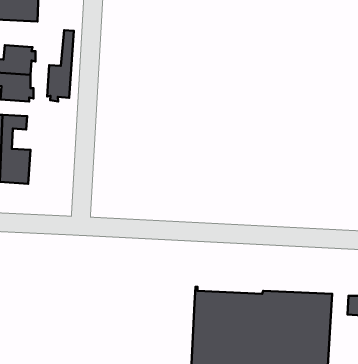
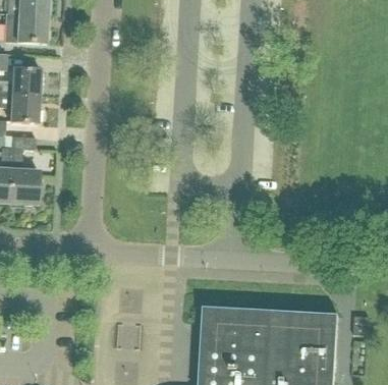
building: [47,30,74,102] -> none

